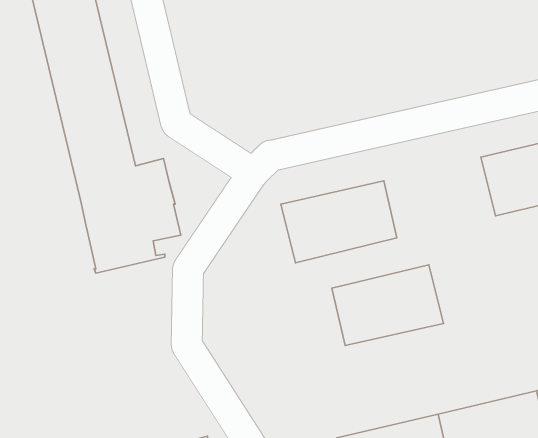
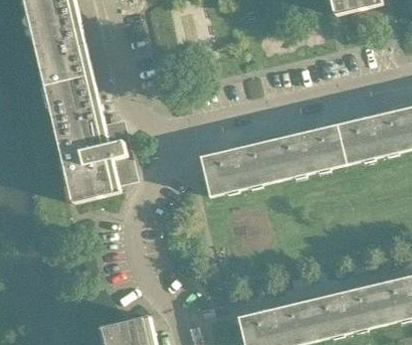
building: [332,265,443,346] -> [268,125,345,180]

